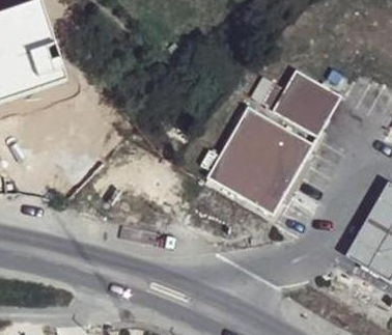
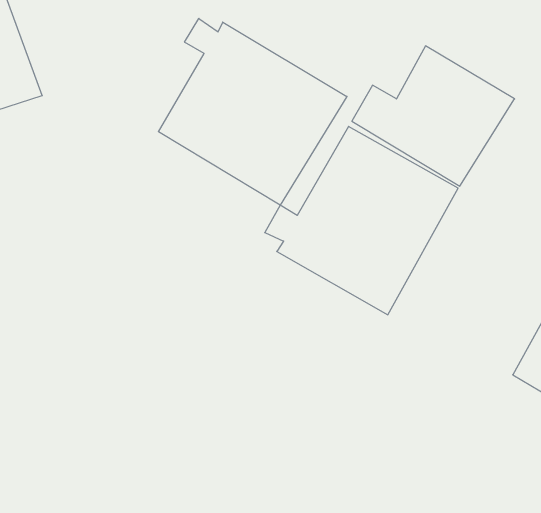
building: none -> [158,18,347,205]

